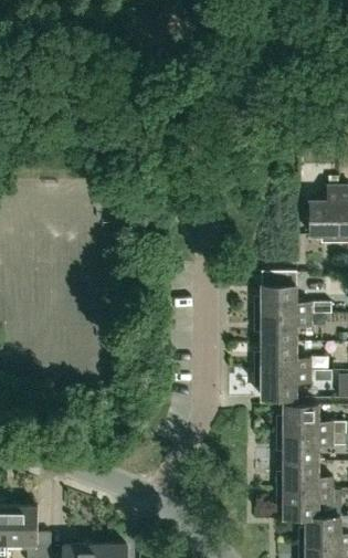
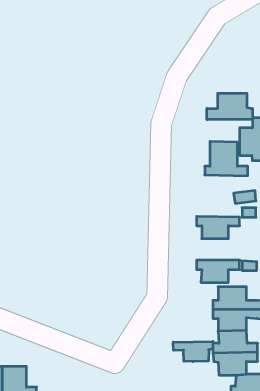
building: none -> [207,93,252,120]
building: [255,271,310,315] -> [205,141,248,176]
building: [254,343,310,370] -> none
building: none -> [173,341,213,362]

